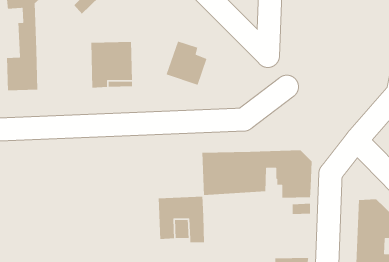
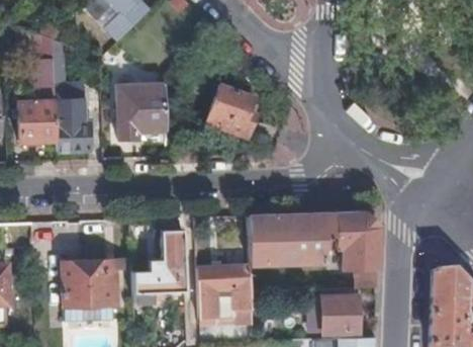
building: none -> [57,93,91,150]
building: none -> [133,230,187,301]
building: none -> [65,259,119,306]
building: none -> [318,294,360,331]

